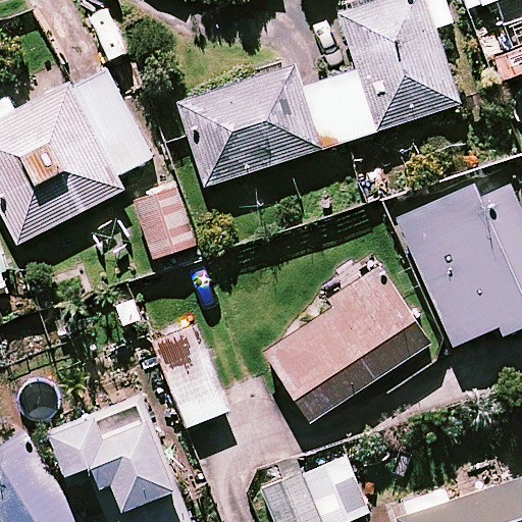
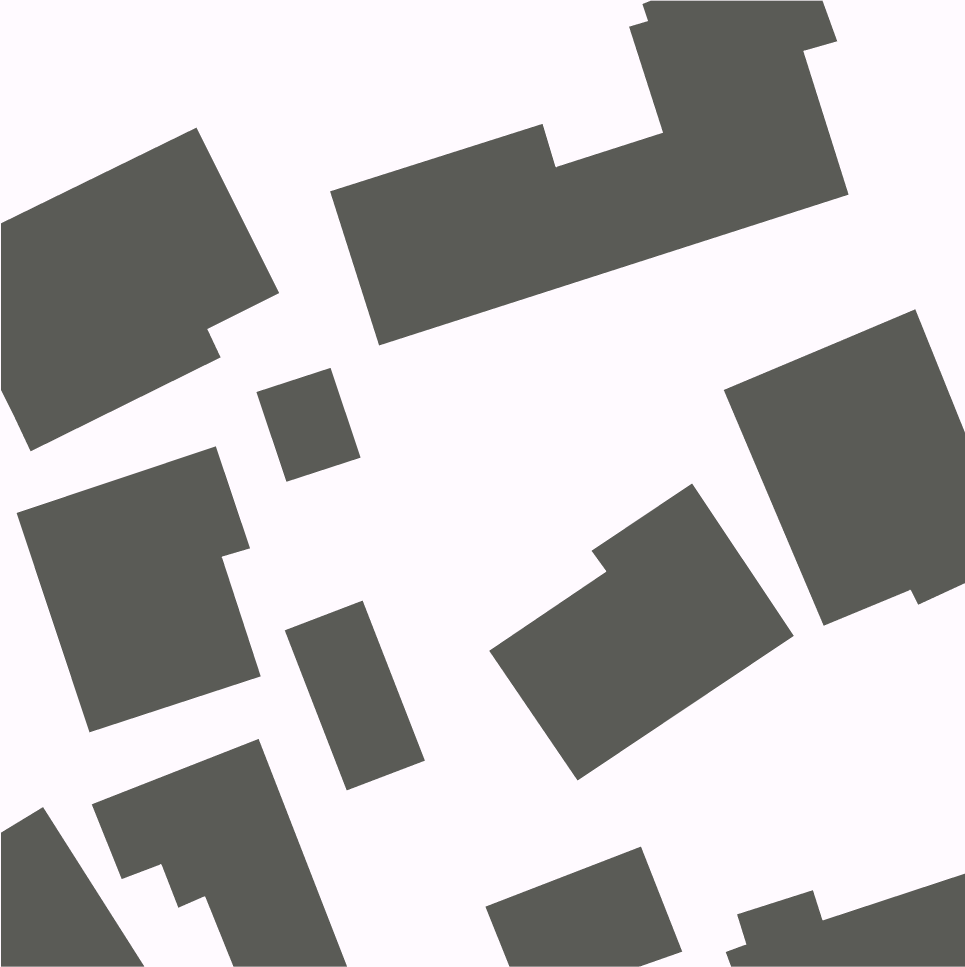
building: none -> [16,446,261,733]

